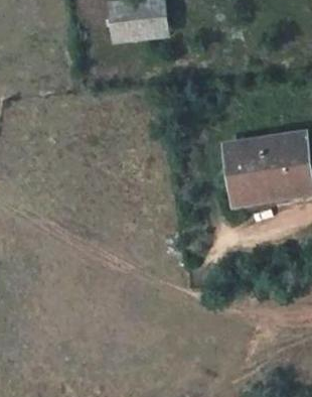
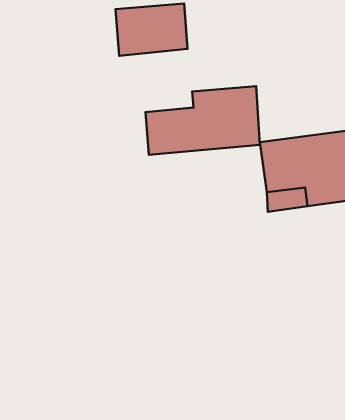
building: none -> [146,86,260,155]

